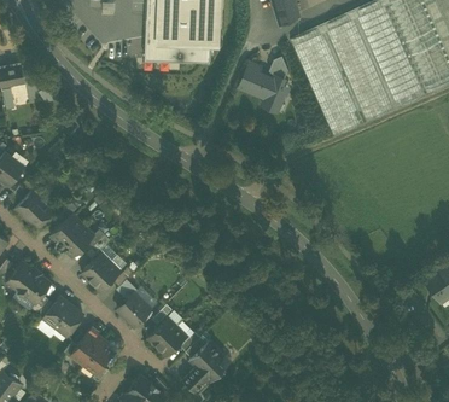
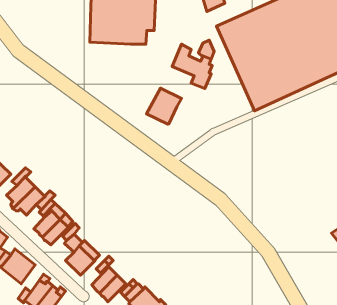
building: none -> [147,88,182,124]

